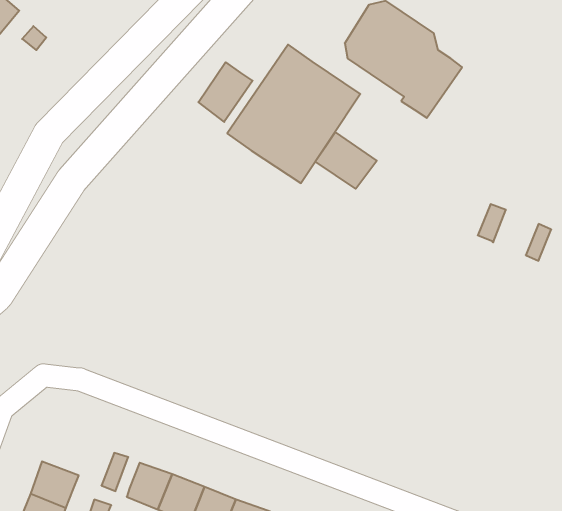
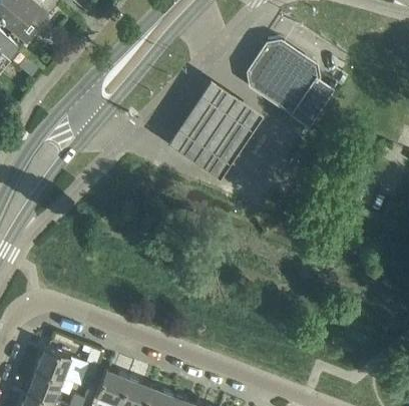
building: [198,62,253,122] -> none
building: [315,132,377,189] -> none
building: none -> [36,346,71,379]

